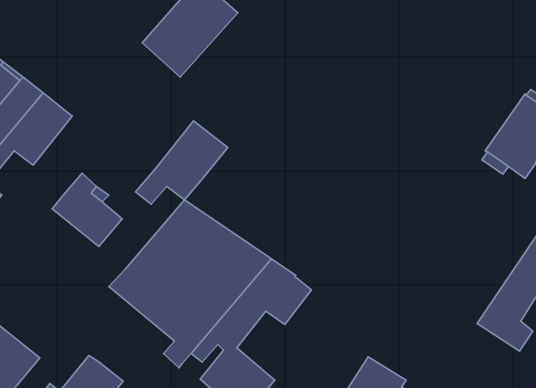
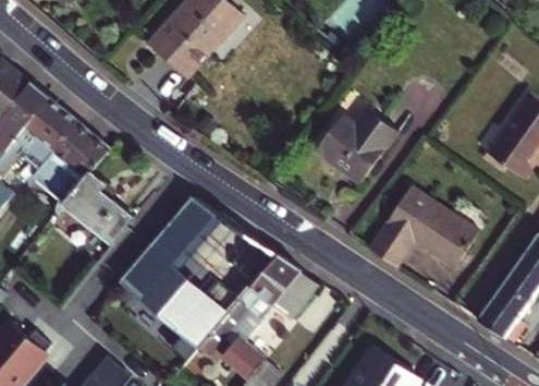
building: none -> [317,110,397,183]
building: [136,121,228,204] -> [25,117,115,198]
building: none -> [370,186,479,268]

